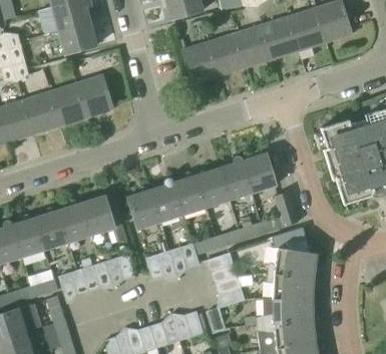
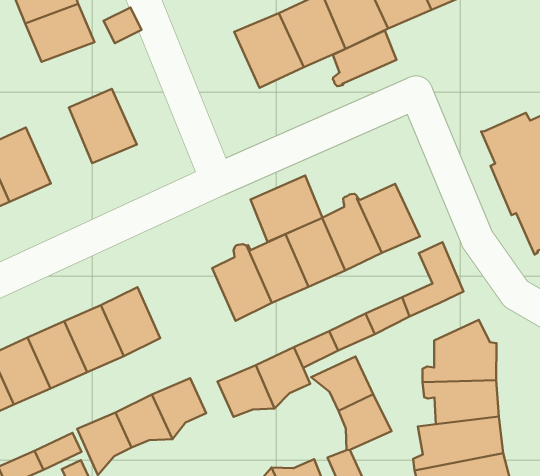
building: none -> [333,31,397,86]
building: [50,82,87,126] -> none
building: none -> [251,176,322,242]
building: [127,189,161,229] -> none

